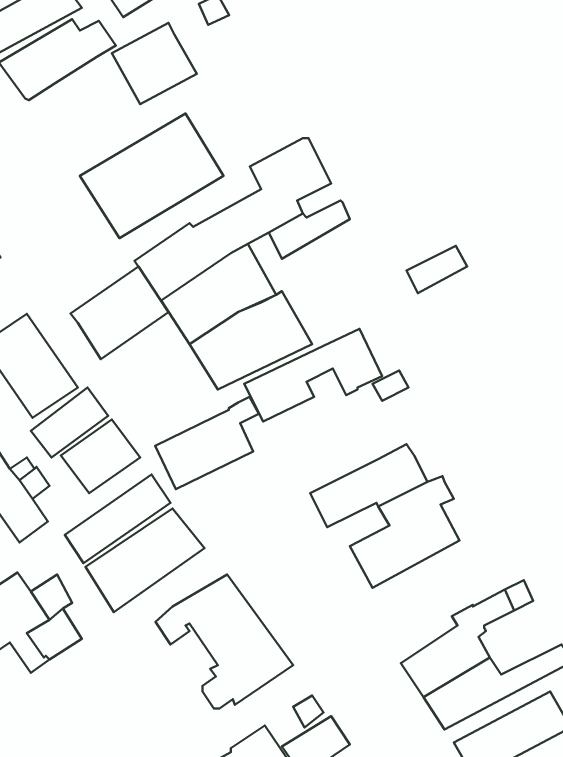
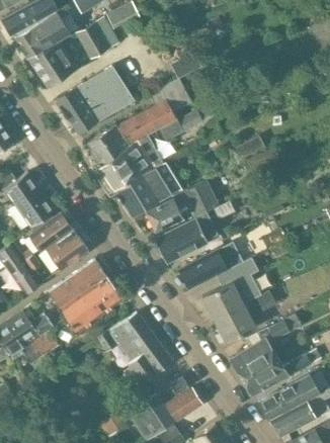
building: none -> [29,42,77,86]
building: none -> [168,51,201,79]
building: [71,267,168,359] -> none
building: [155,397,259,489] -> [155,213,211,263]
building: none -> [214,291,275,342]

